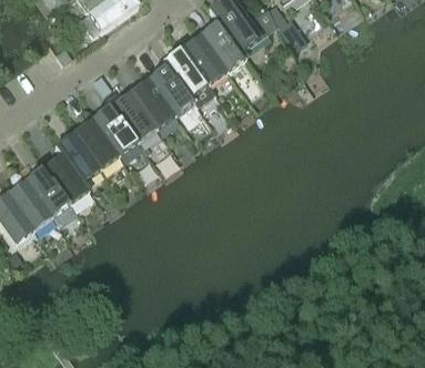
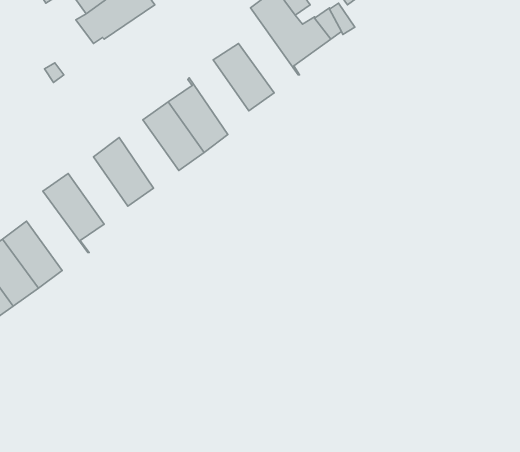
building: [201,8,245,71] -> none
building: [164,47,215,106] -> none
building: [112,91,156,142] -> none
building: [74,119,119,168] -> none
building: [43,144,89,203] -> none

